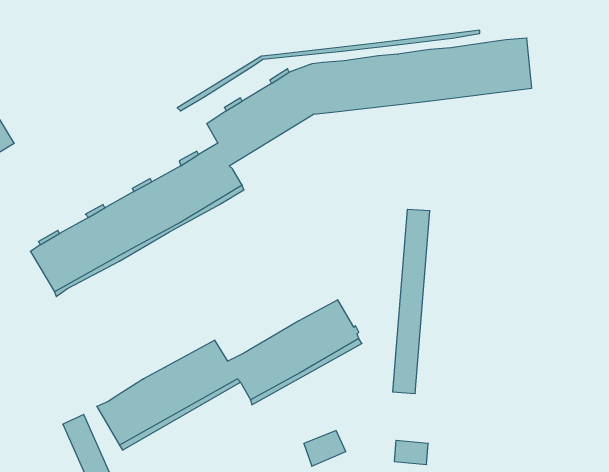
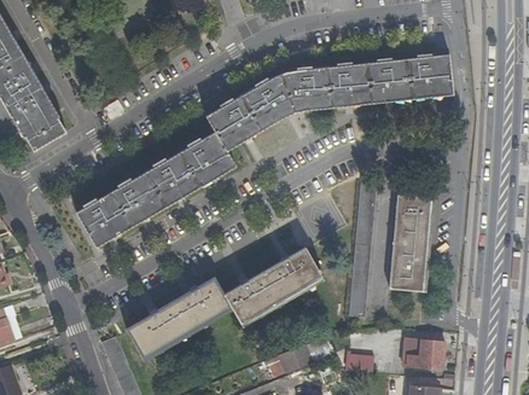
building: [177,30,480,111] -> [225,91,450,151]
building: none -> [386,197,430,292]
building: none -> [401,337,444,367]

